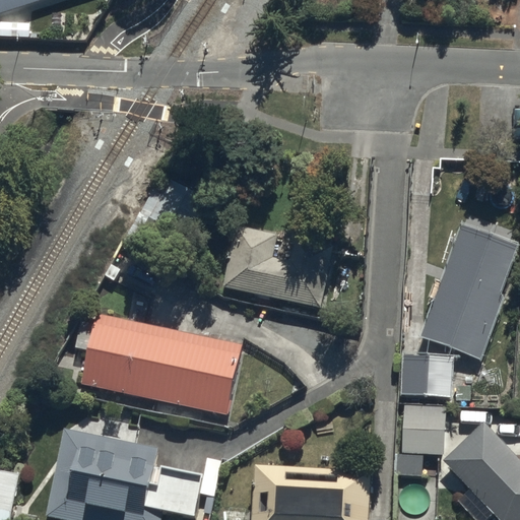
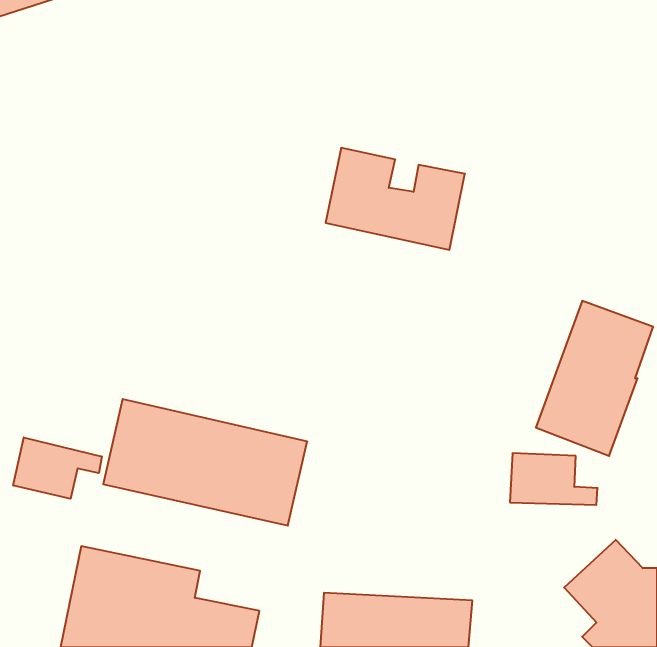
building: [222,228,332,308] -> [326,148,465,250]
building: none -> [13,437,102,499]
building: [397,421,444,472] -> none

